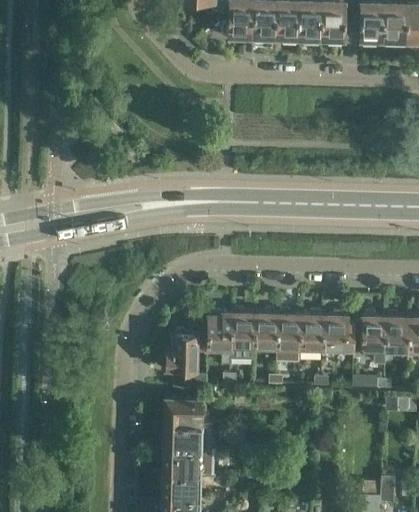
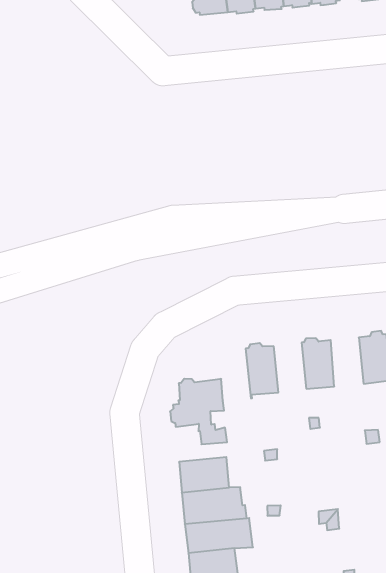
building: [252,312,276,353] -> none
building: [298,313,323,355] -> none
building: [206,314,230,355] -> none

